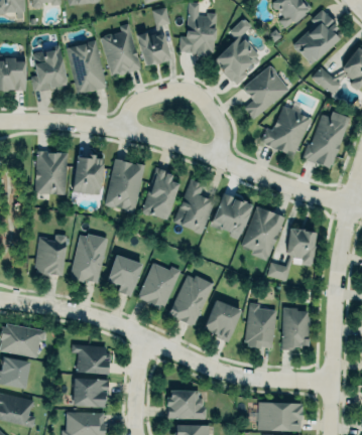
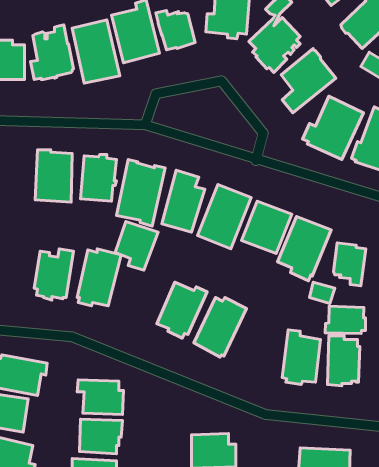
building: [107,255,143,296] -> [115,221,158,270]
building: none -> [325,306,366,334]
building: [204,300,241,342] -> none

